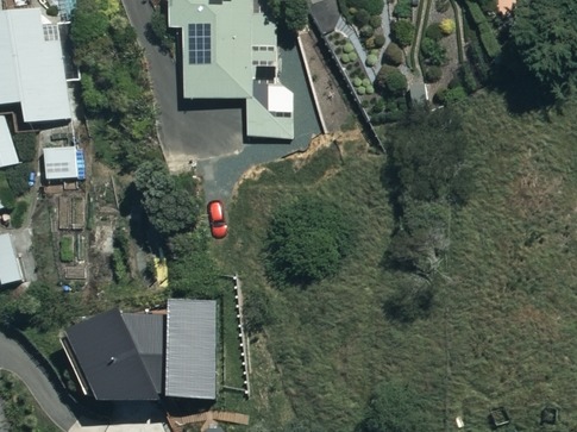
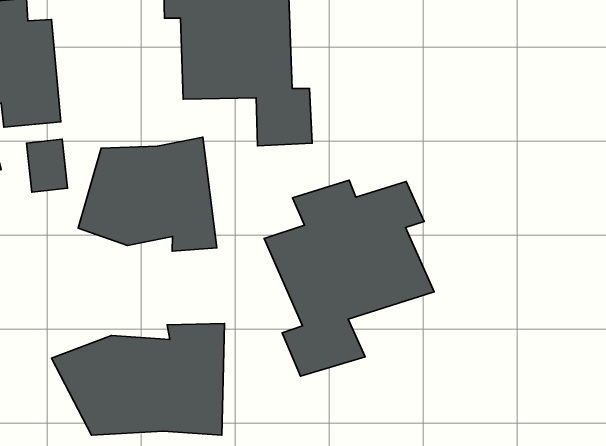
building: none -> [78,137,217,251]
building: none -> [264,180,434,376]

